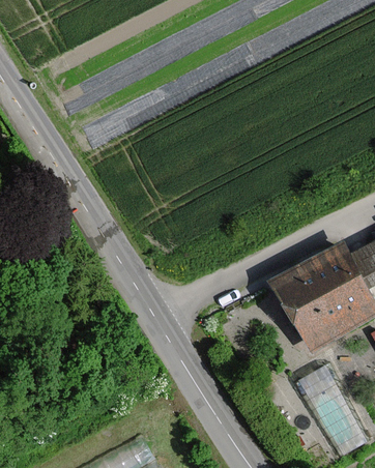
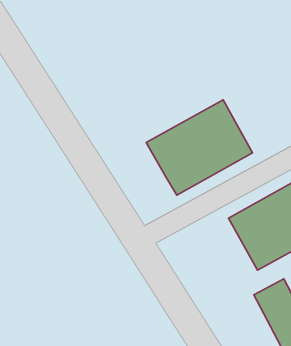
building: none -> [146,100,252,195]

